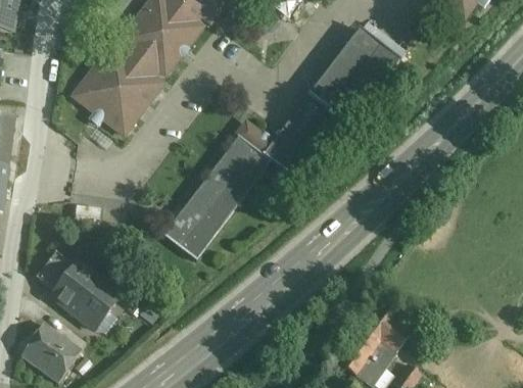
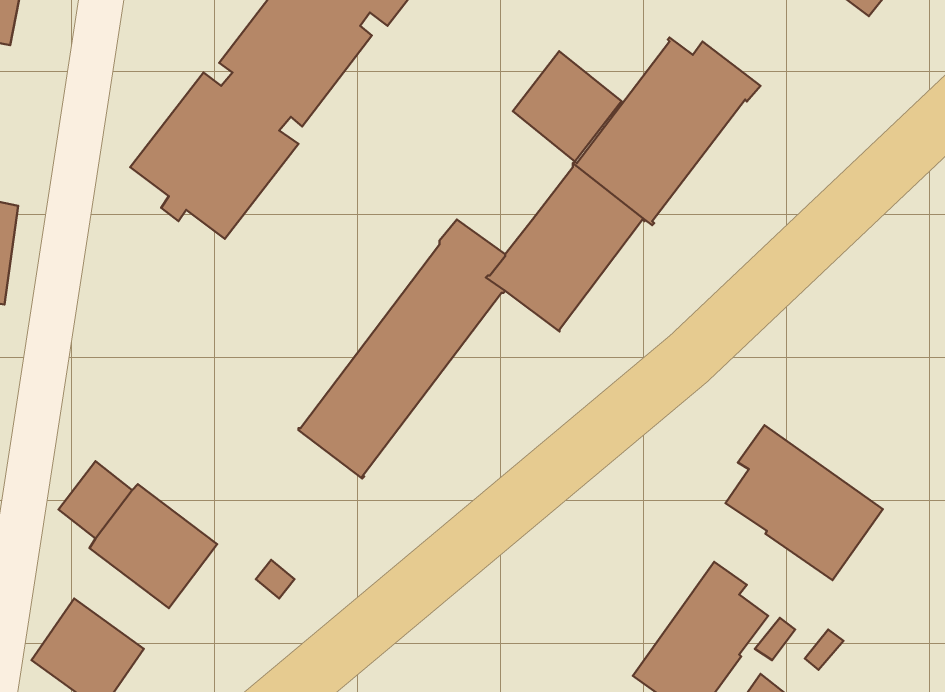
building: none -> [513,51,621,161]
building: none -> [725,425,883,580]

